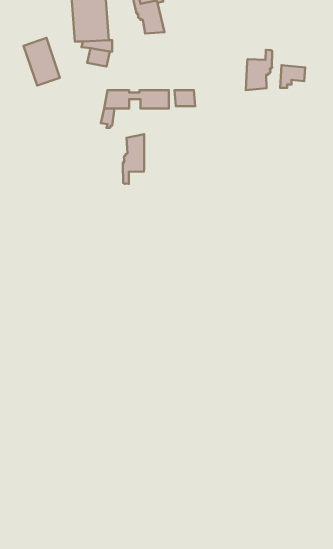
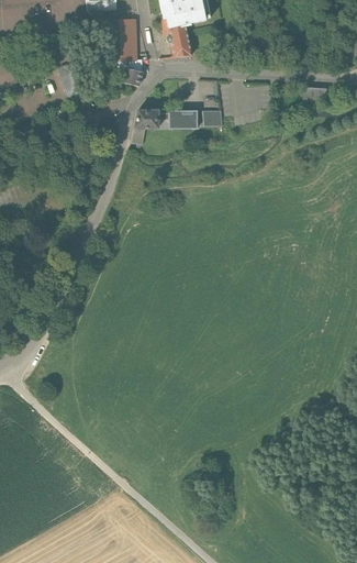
building: [246,50,272,90] -> none
building: [123,134,144,184] -> none

